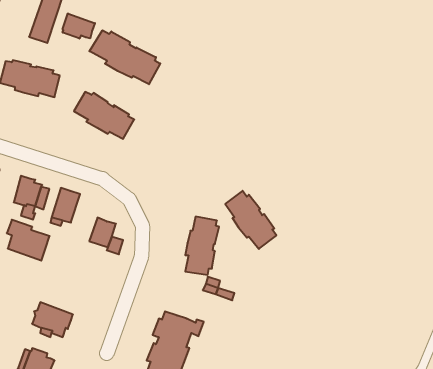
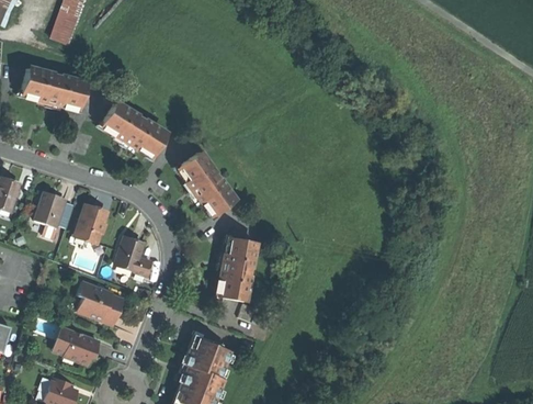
building: [63,13,95,39] -> none
building: [89,30,160,84] -> none
building: [225,191,276,249] -> [177,149,231,212]
building: [7,220,50,261] -> [76,280,122,324]

